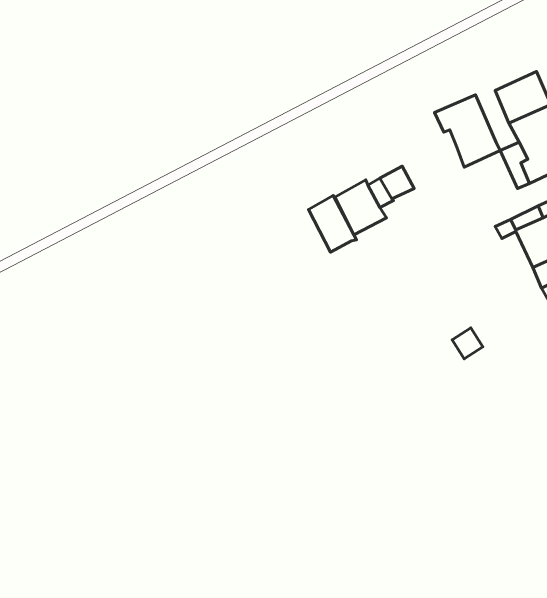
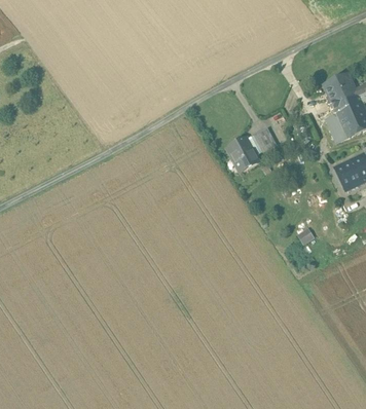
building: [435,95,500,167] -> none
building: [308,196,356,252] -> none

